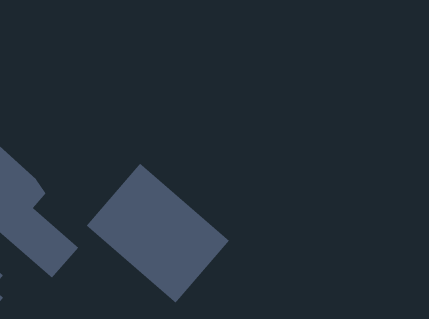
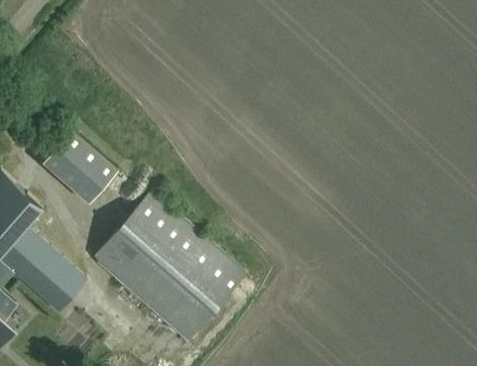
building: none -> [42,129,118,204]

